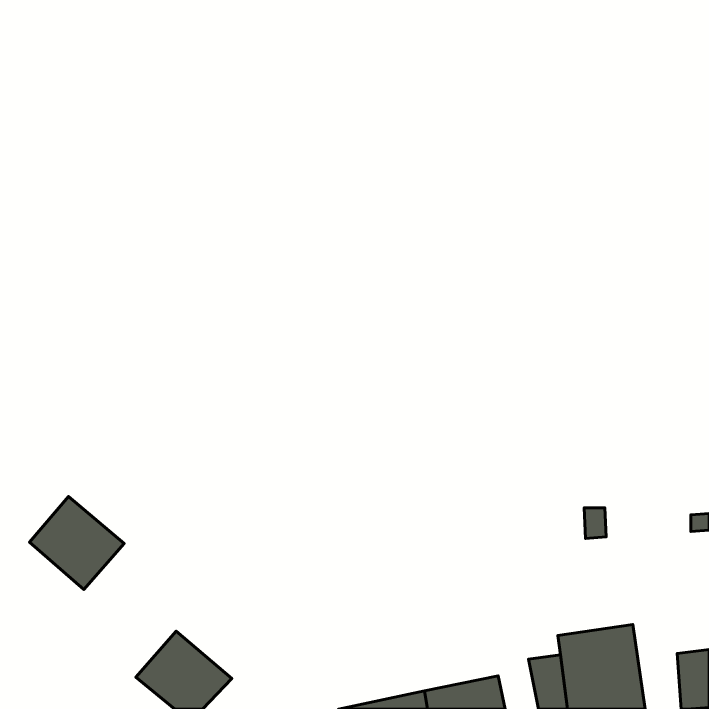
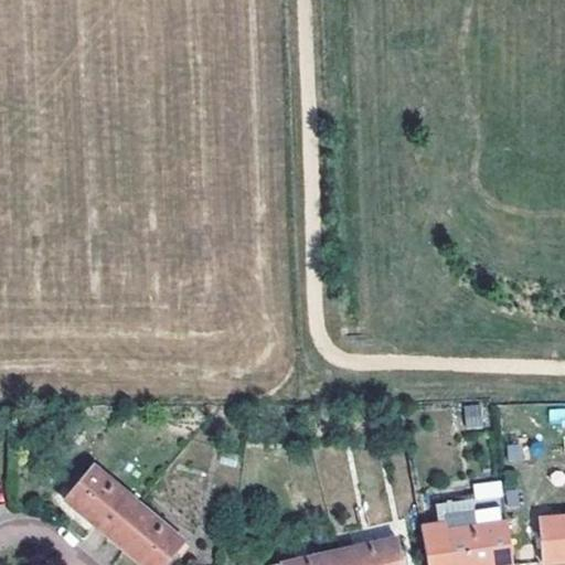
building: [30,496,124,589] -> [65,465,140,539]

